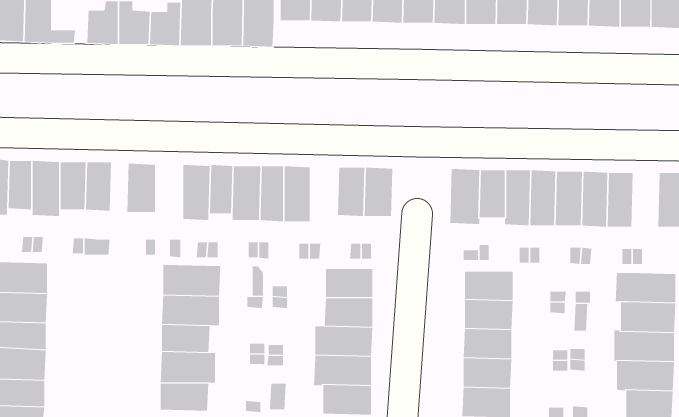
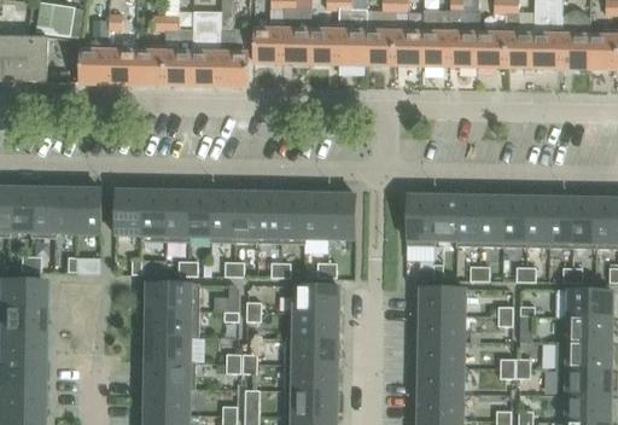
building: none -> [141,192,165,241]
building: none -> [281,194,307,244]
building: none -> [572,199,596,249]

